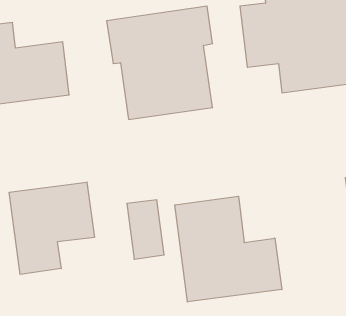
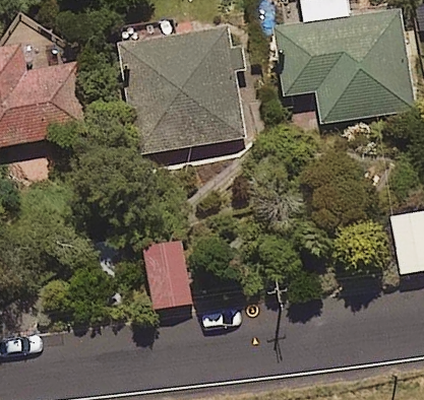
building: [9,182,94,274] -> none
building: [175,196,282,302] -> none

